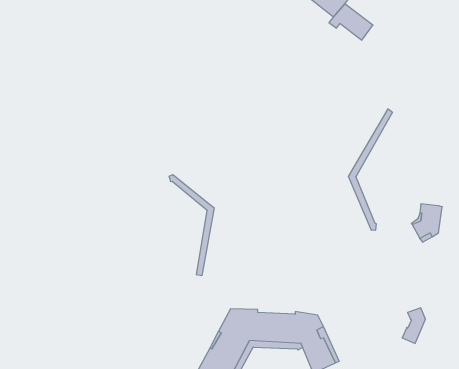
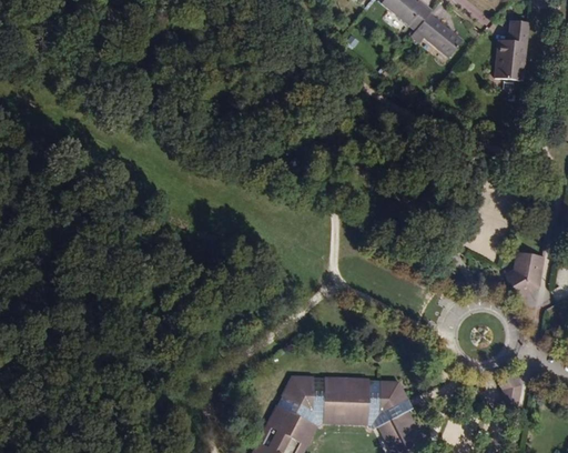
building: none -> [495,20,528,80]
building: [348,109,392,230] -> none
building: [169,175,214,276] -> none

